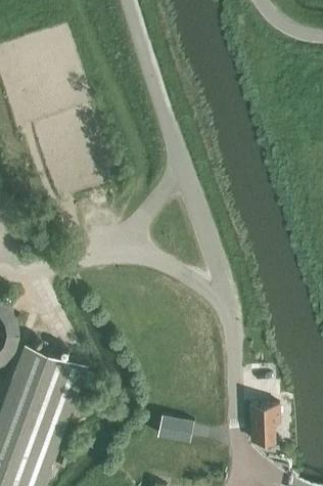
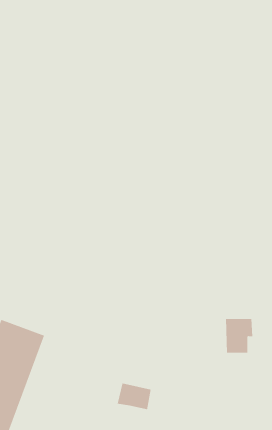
building: [248,406,278,443] -> [225,318,253,353]

